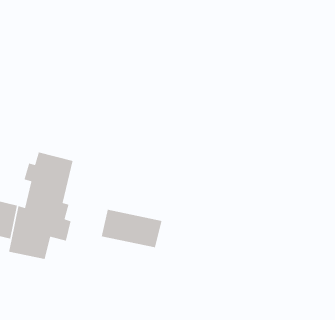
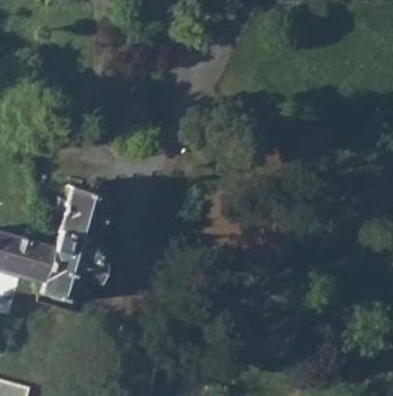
building: [101,209,162,248] -> none

